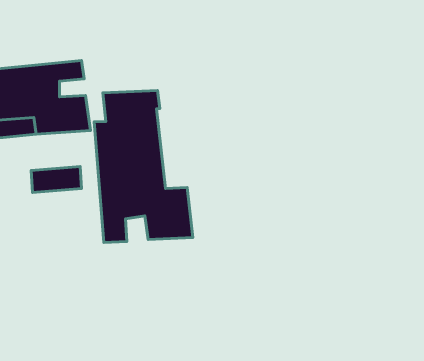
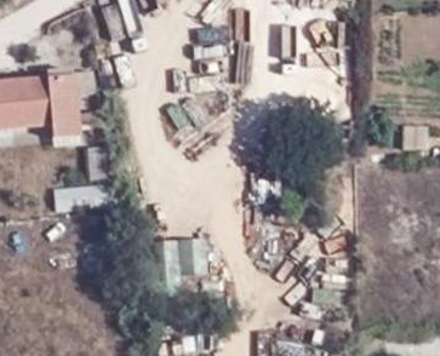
building: [94,91,193,242] -> none

